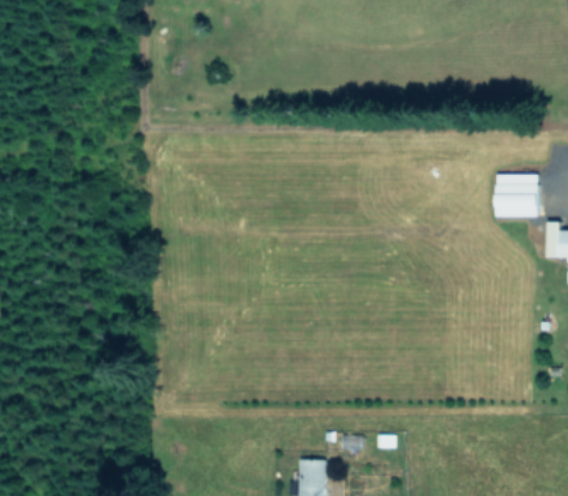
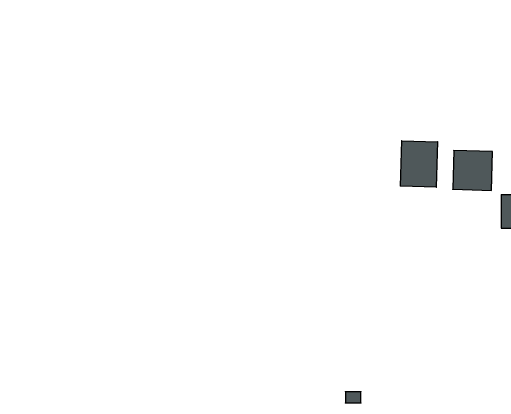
building: none -> [400,141,438,187]

